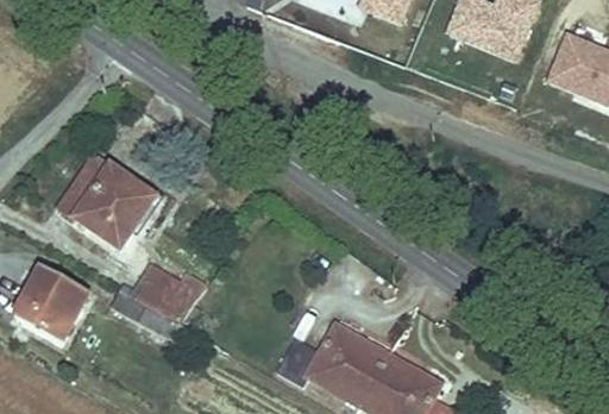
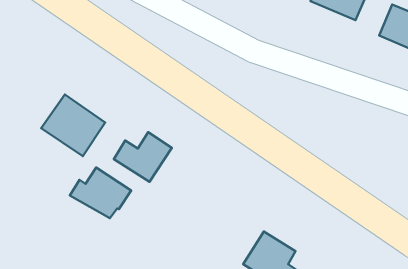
building: none -> [114,132,172,182]
building: [12,270,86,347] -> none
building: [275,322,387,403] -> none

